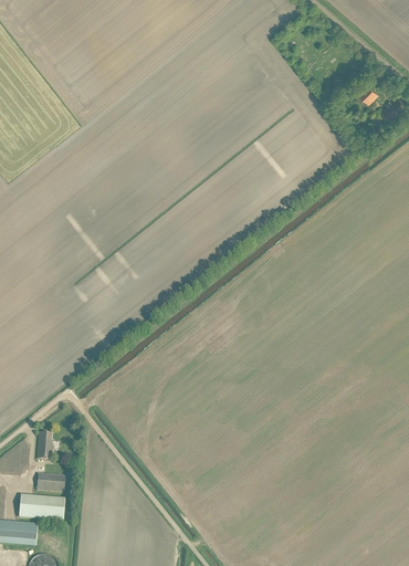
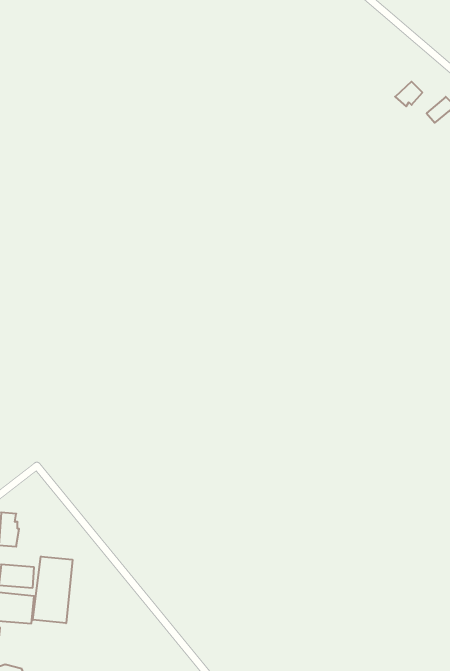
building: none -> [33,556,72,623]

